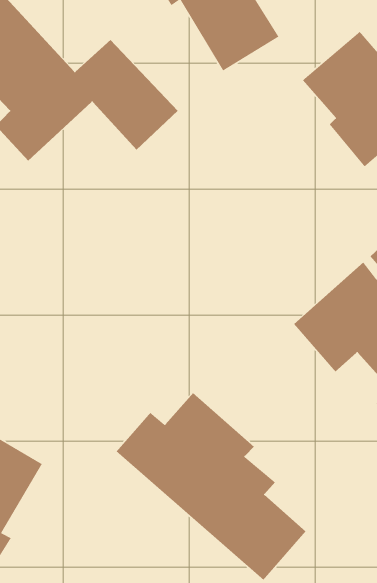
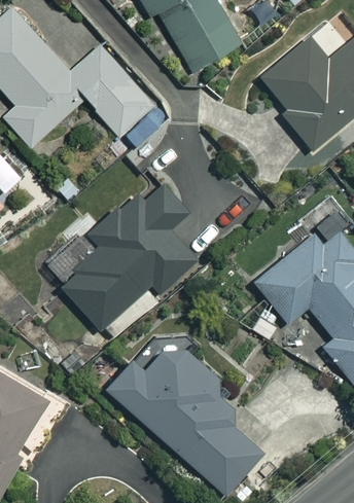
building: none -> [38,185,198,330]

